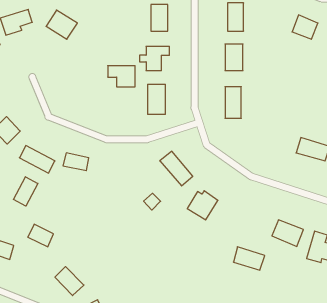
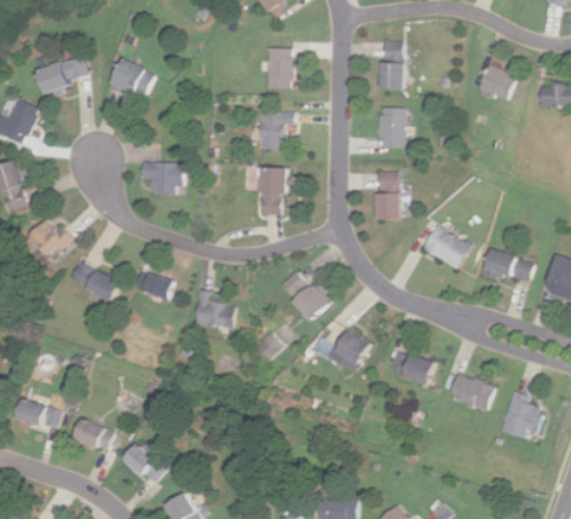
building: [108,66,135,87] -> [140,162,181,194]
building: none -> [423,225,471,267]
building: none -> [195,289,233,328]
building: [13,177,38,206] -> none
building: [28,224,53,247] -> [68,414,106,448]
building: [233,247,265,270] -> [390,348,437,384]

